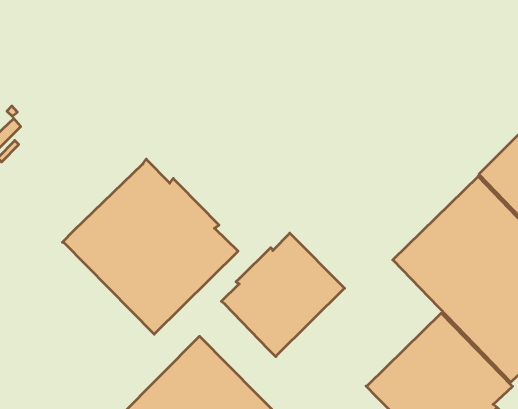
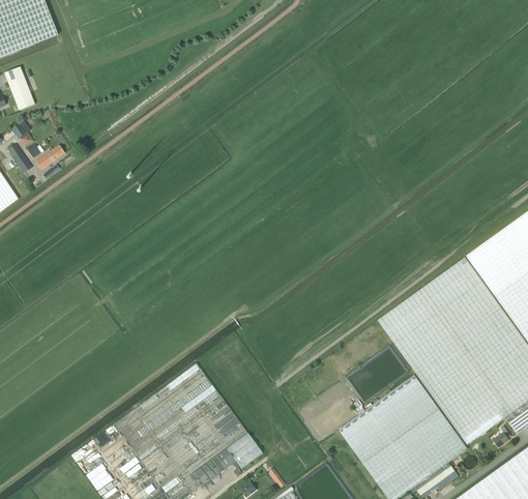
building: [62,159,238,334] -> none
building: [221,233,345,357] -> none

